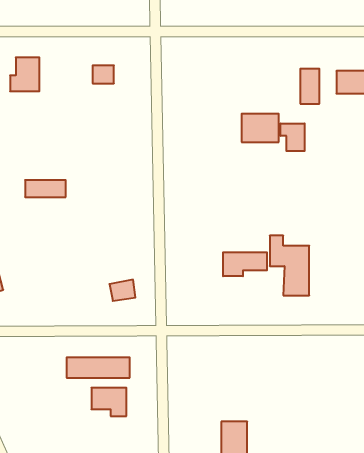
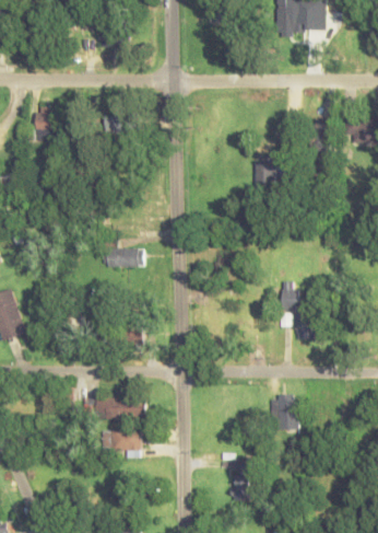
building: [281,123,305,151] -> none
building: [25,180,66,197] -> [105,250,144,266]
building: [223,252,267,276] -> none
building: none -> [269,394,297,429]

